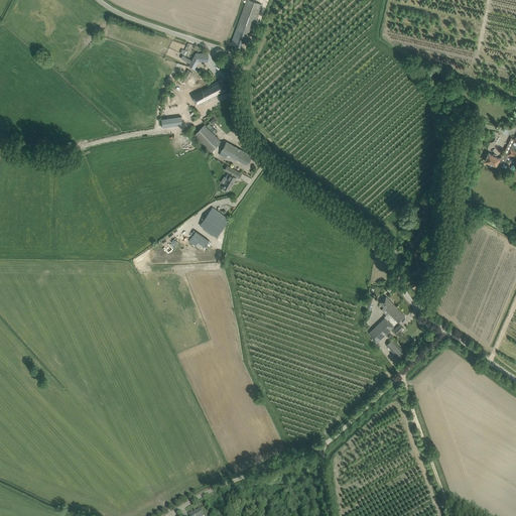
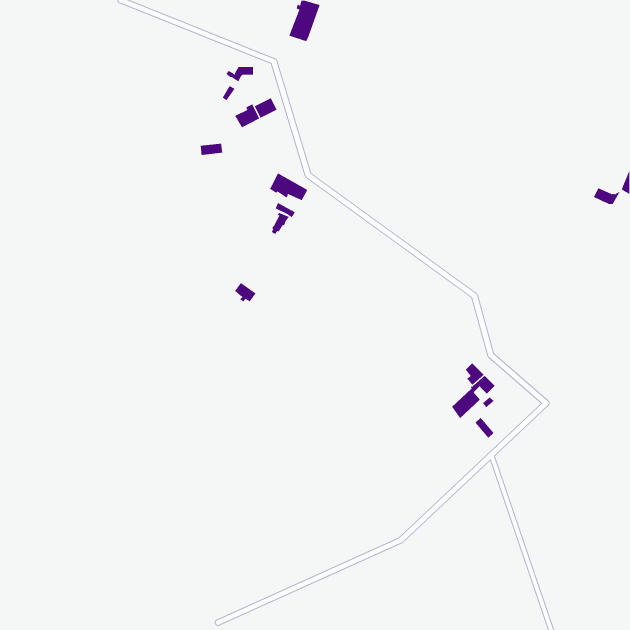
building: [194,125,222,152] -> none
building: [201,208,229,237] -> none

